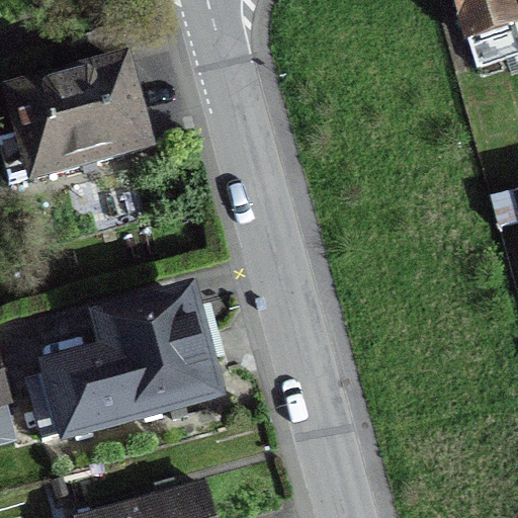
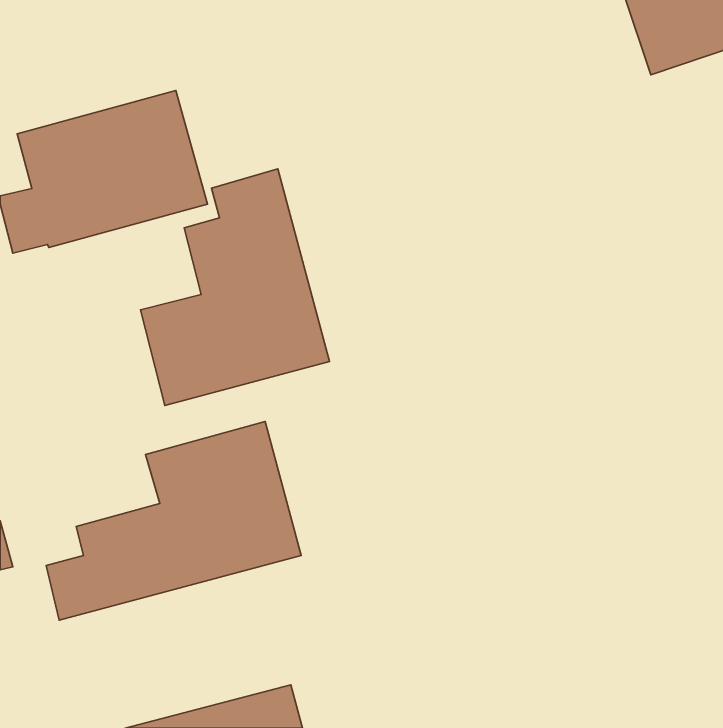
building: none -> [140,169,330,406]

